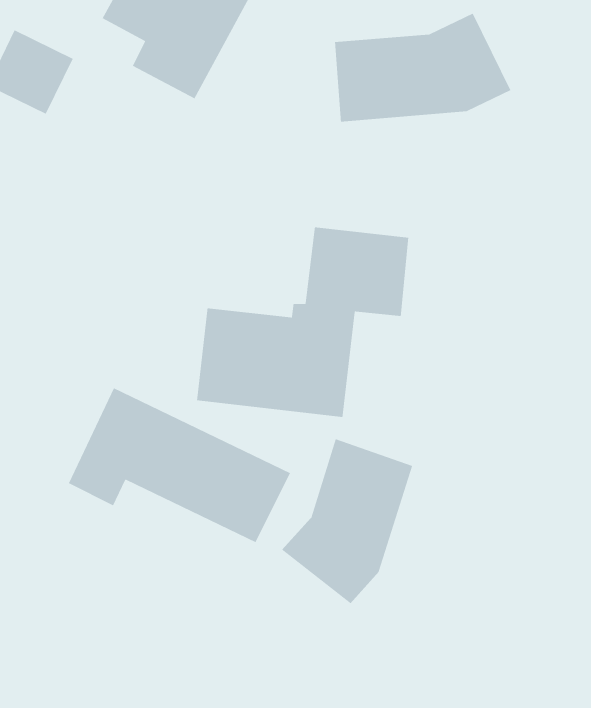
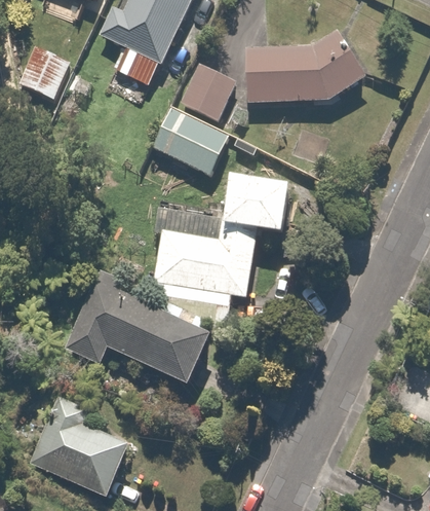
building: none -> [147,56,236,182]
building: [281,438,413,604] -> none
building: none -> [32,388,133,490]

